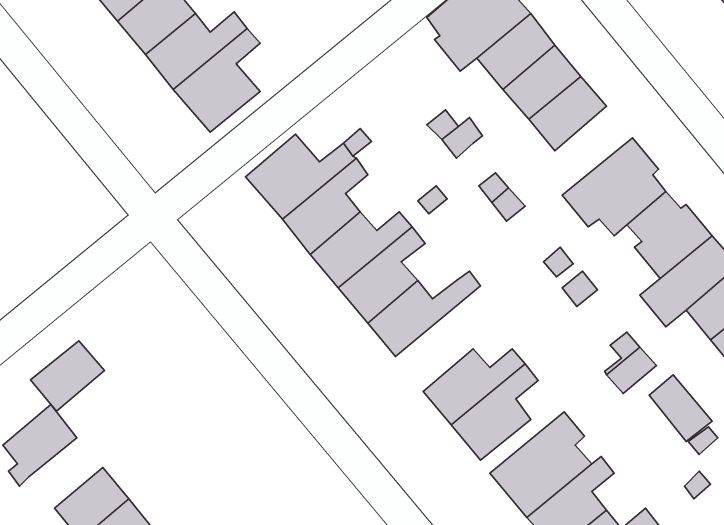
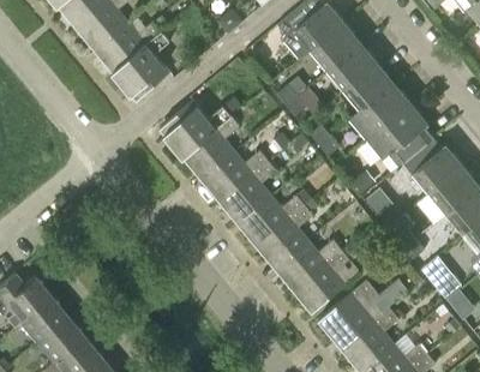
building: none -> [348,83,410,140]
building: none -> [257,199,313,268]
building: [31,341,105,411] -> [19,298,67,343]

